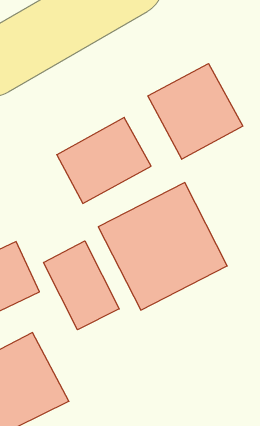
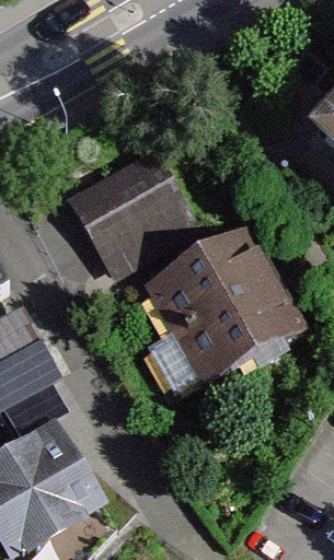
building: [148,64,243,159] -> none
building: [44,241,119,330] -> none

